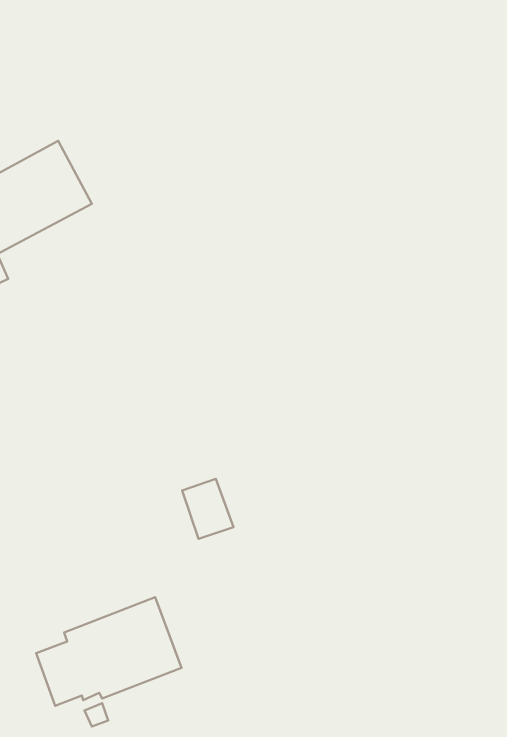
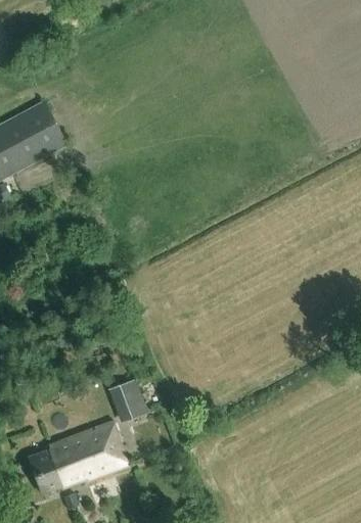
building: [182,479,234,539] -> [109,377,145,419]

